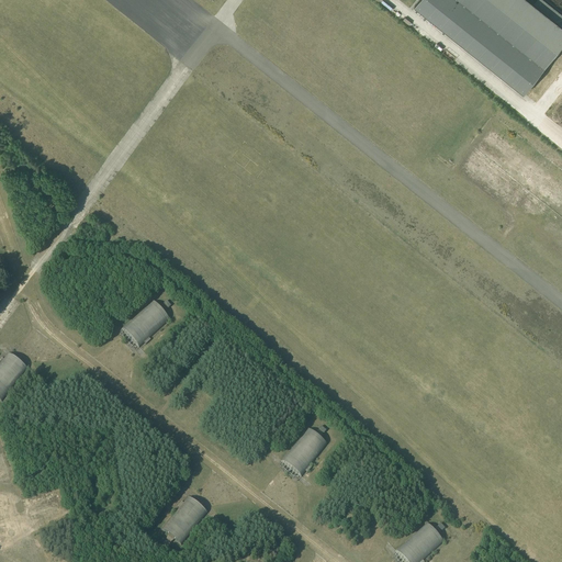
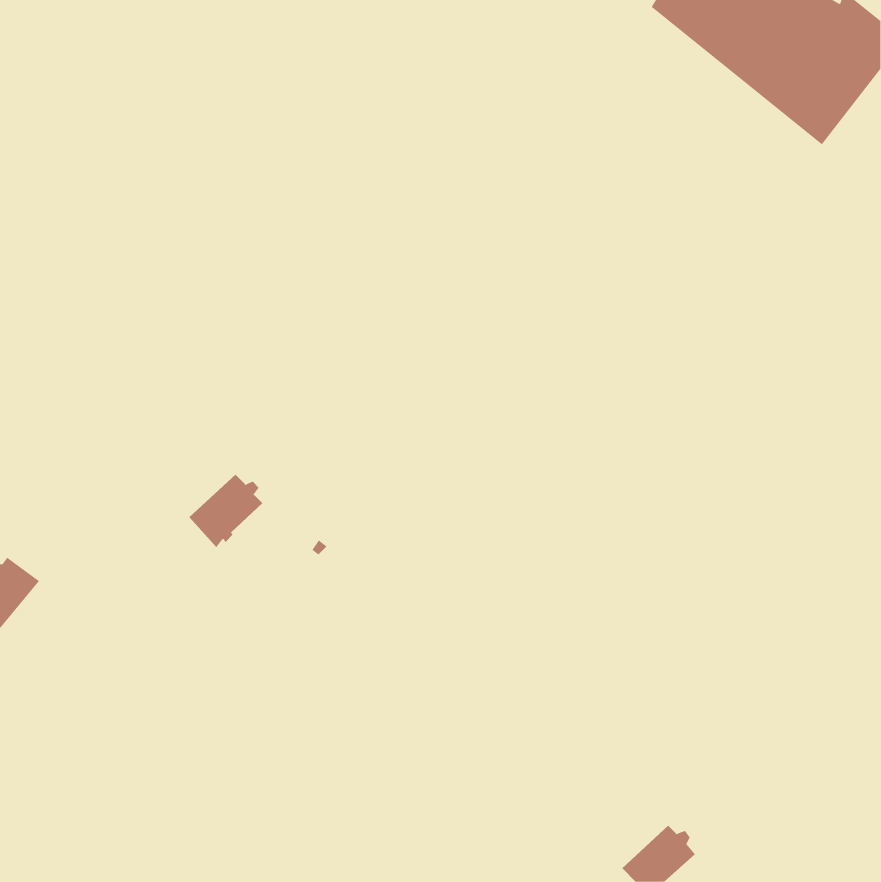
building: [279,428,325,476] -> none
building: [159,497,205,544] -> none

